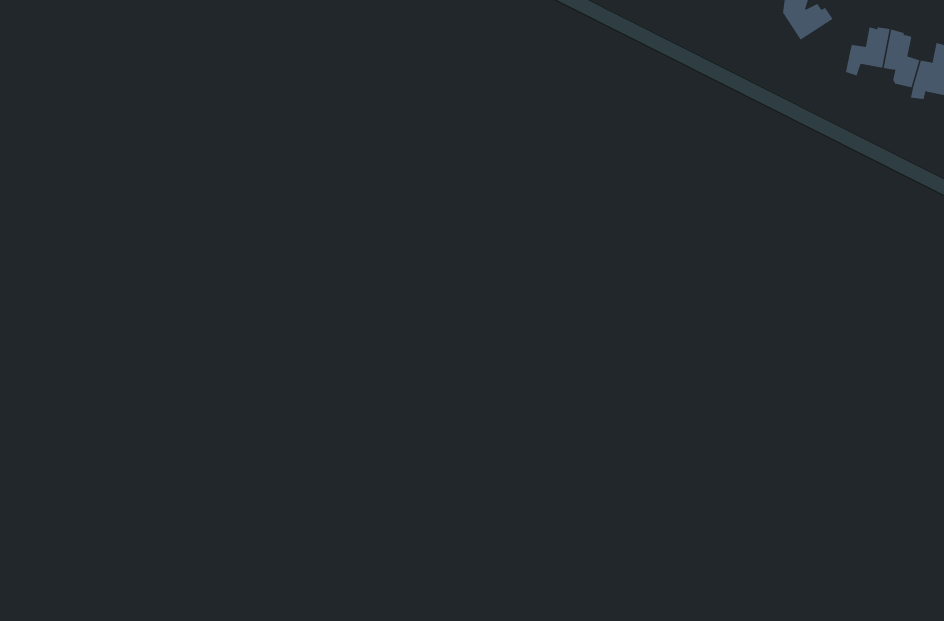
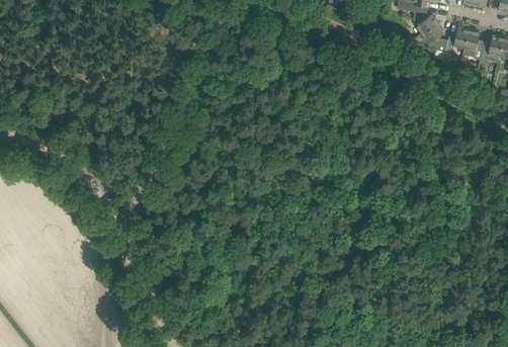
building: none -> [421,22,446,59]

